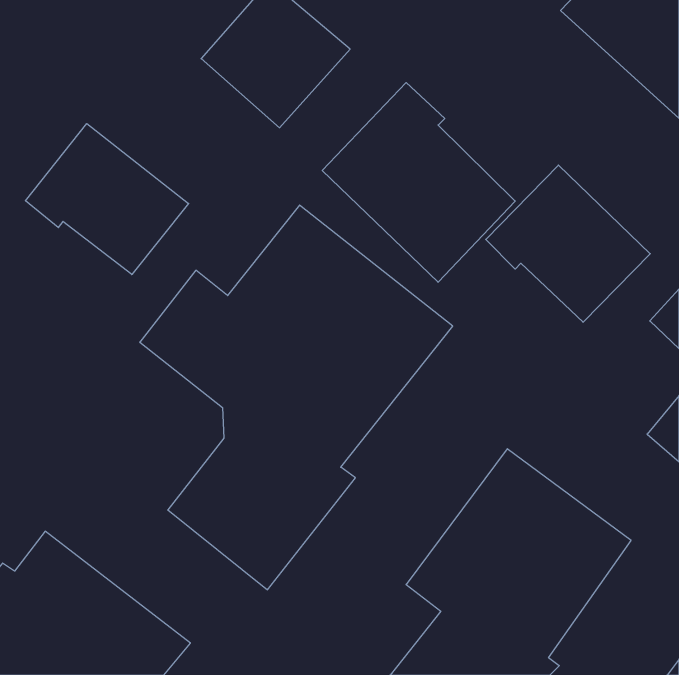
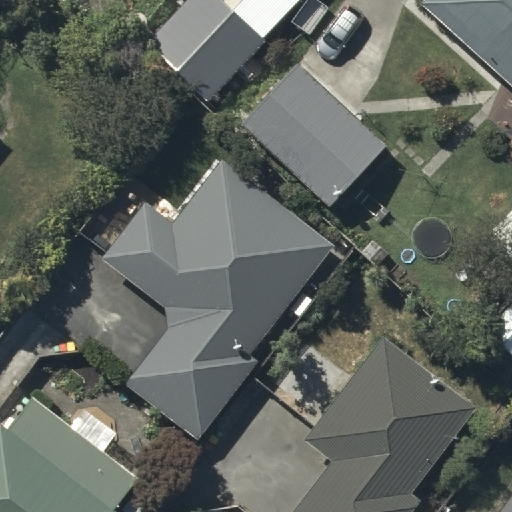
building: [25,124,189,275] -> none
building: [486,165,650,322] -> none

